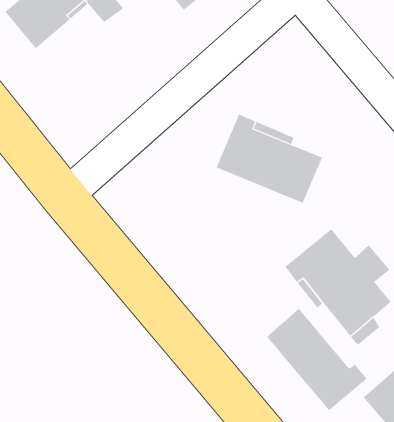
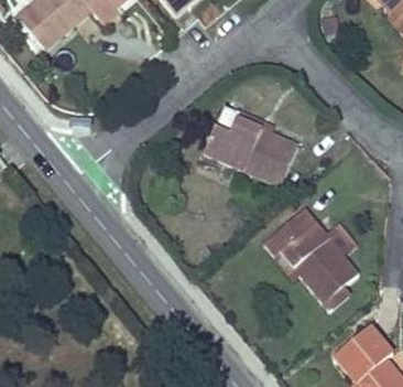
building: [266,308,368,411] -> none

